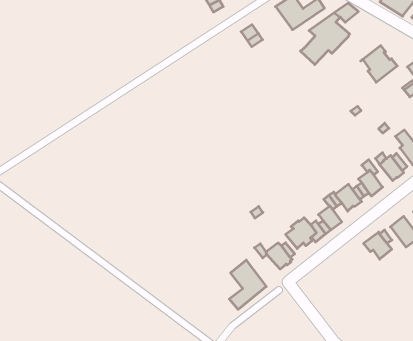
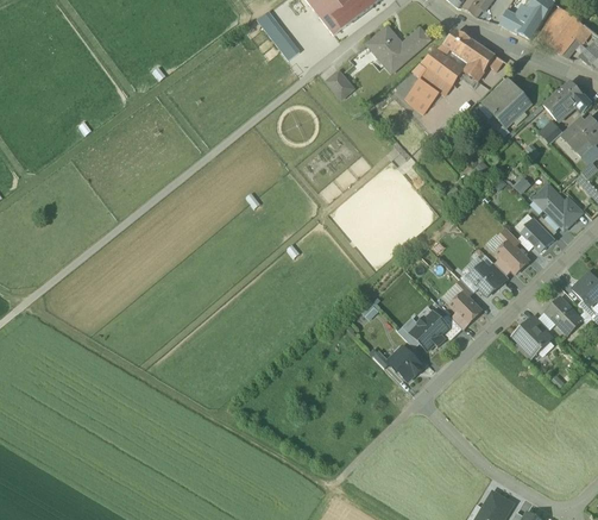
building: none -> [458,39,495,80]
building: [229,260,266,309] -> none

